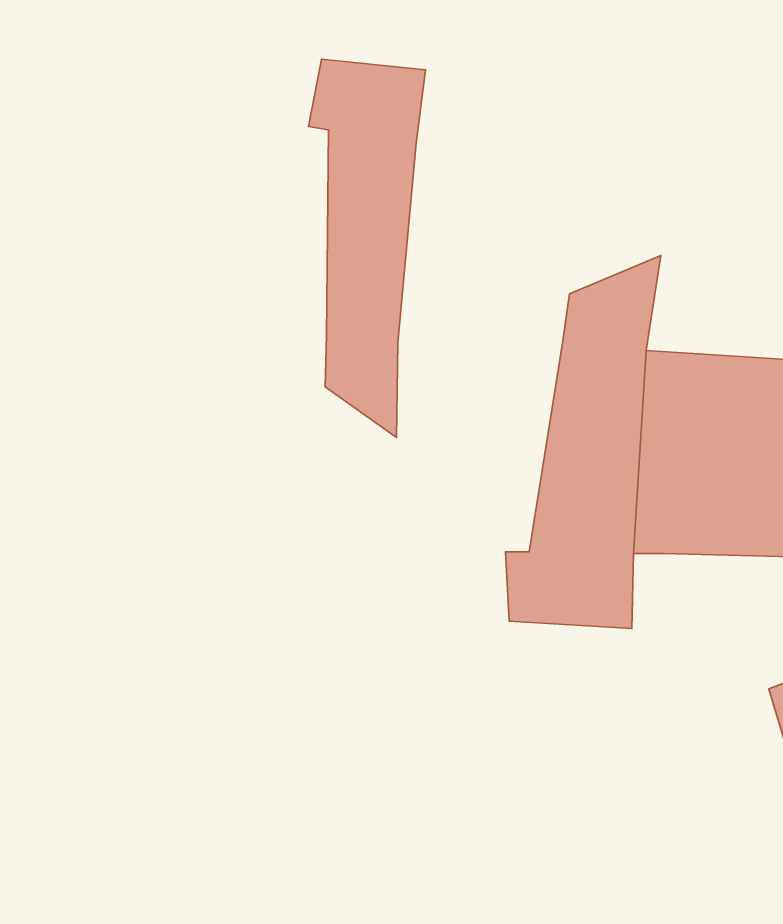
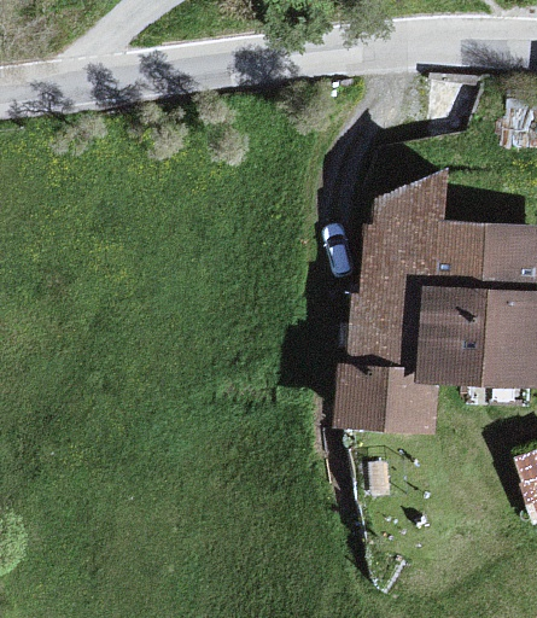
building: [308,59,426,437] -> none

